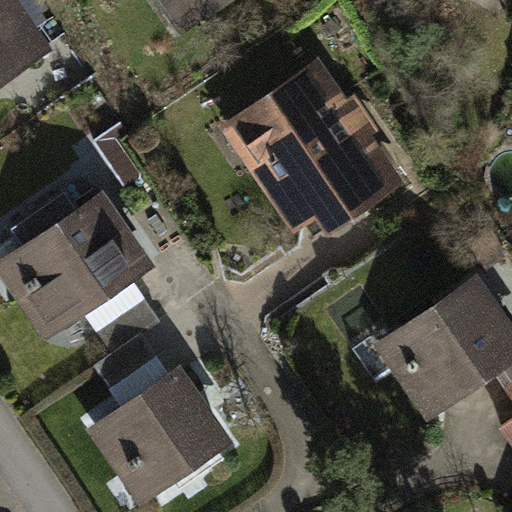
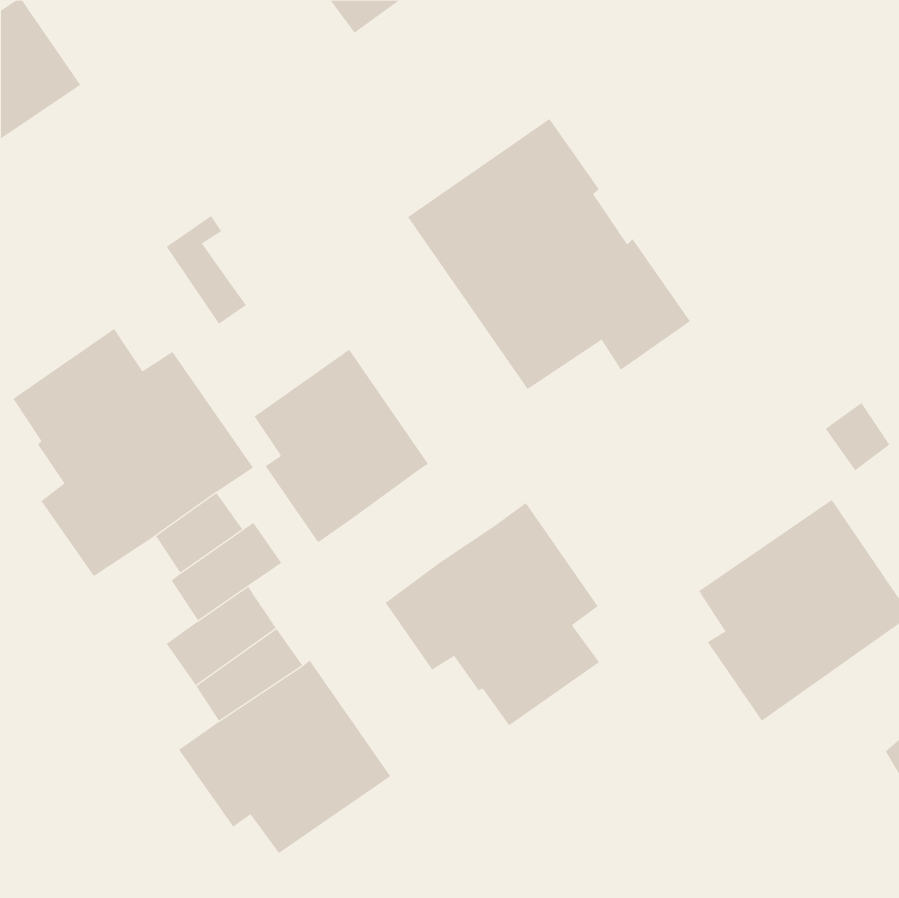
building: none -> [254,349,429,543]
building: none -> [385,502,600,726]

